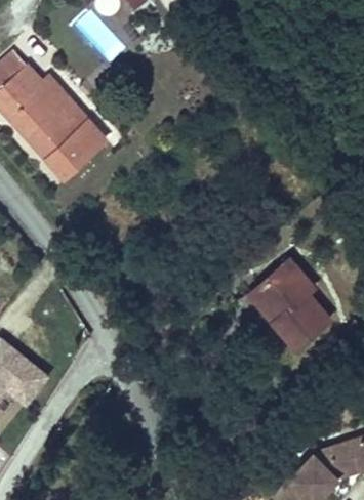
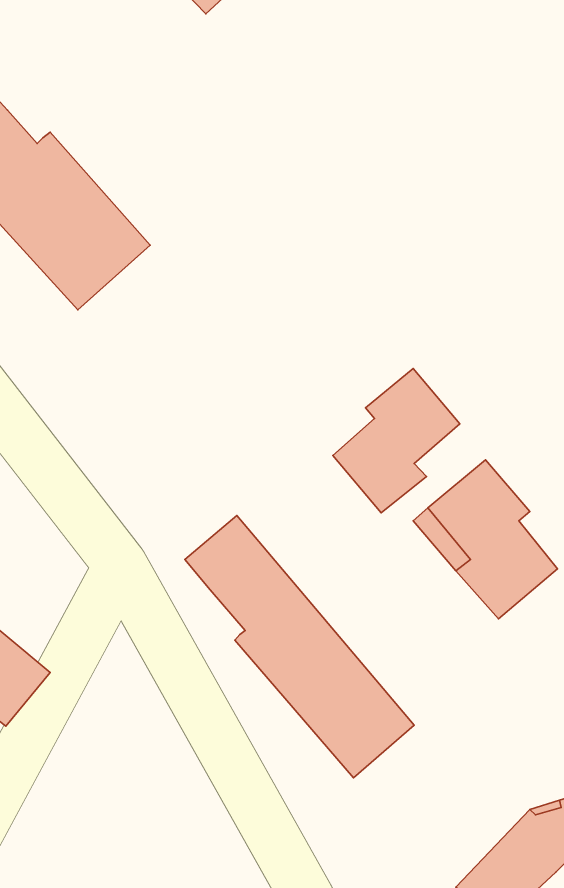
building: none -> [333,369,460,513]
building: none -> [185,515,414,778]

